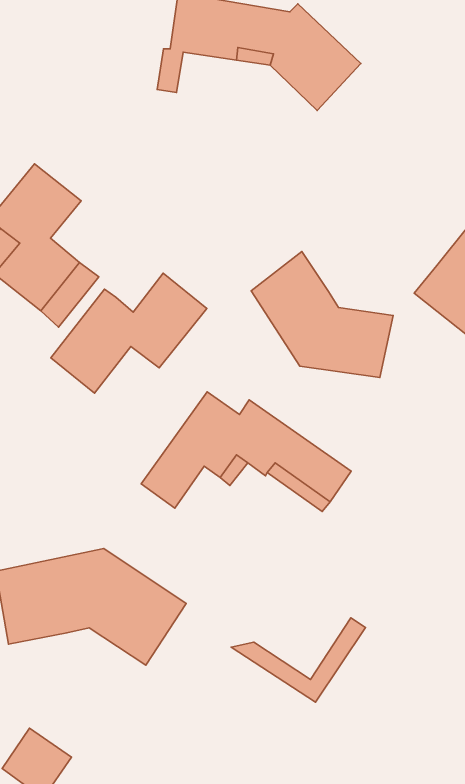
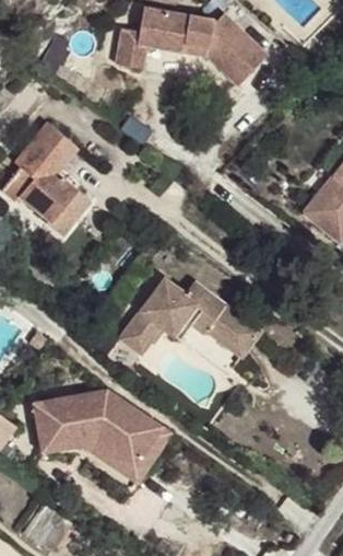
building: [251,252,393,377] -> none
building: [51,273,207,393] -> none
building: [231,618,365,702] -> [69,421,159,478]

